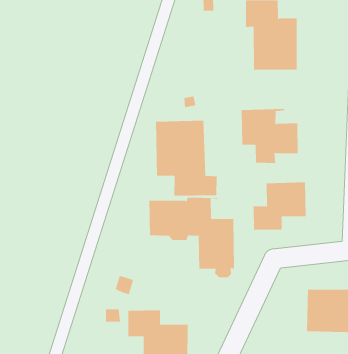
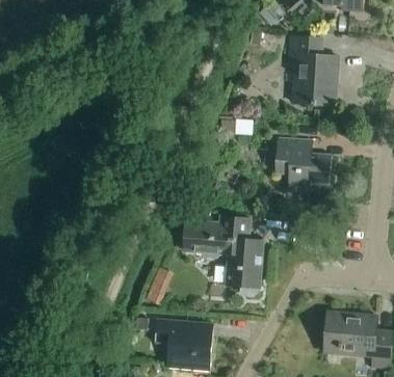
building: [156,120,217,197] -> none
building: [253,182,306,231] -> none

